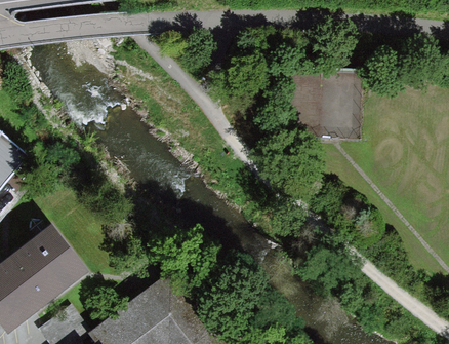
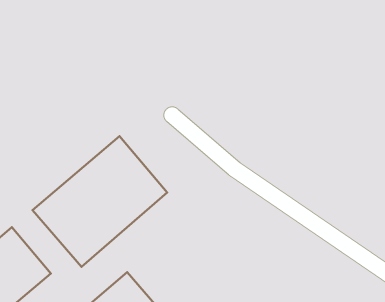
building: none -> [32,136,167,267]

